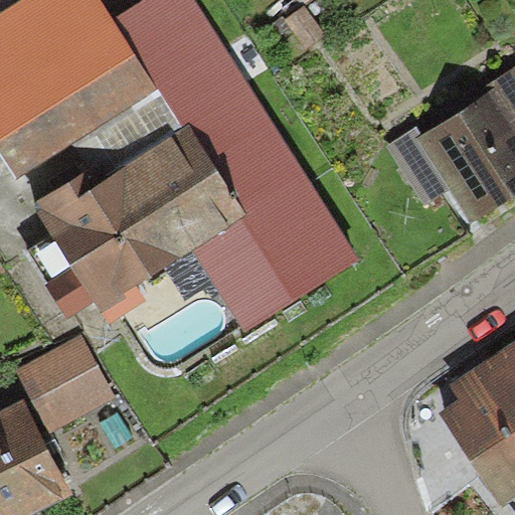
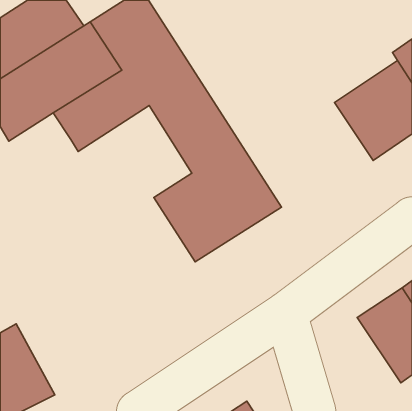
building: [23,133,239,314] -> none
building: [27,345,108,427] -> none

